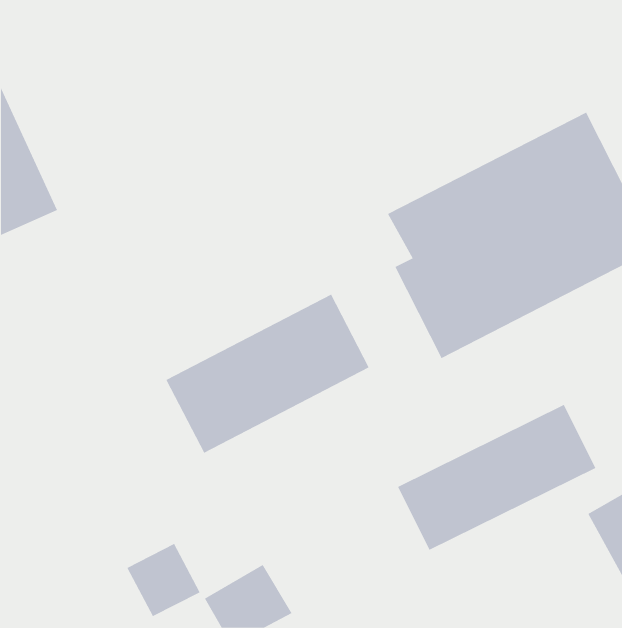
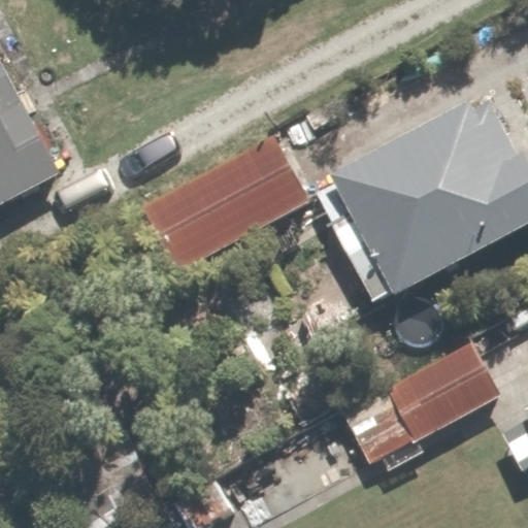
building: [166,294,370,453] -> [136,140,307,274]

